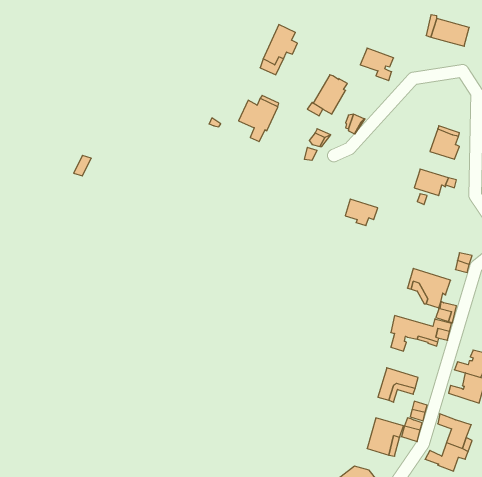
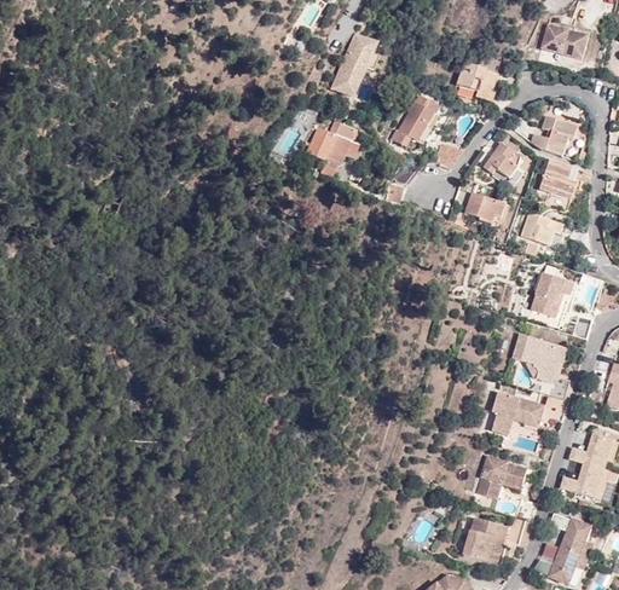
building: none -> [530,116,577,155]
building: none -> [482,140,519,178]
building: [345,199,378,226] -> [465,190,505,222]
building: none -> [530,272,572,317]

